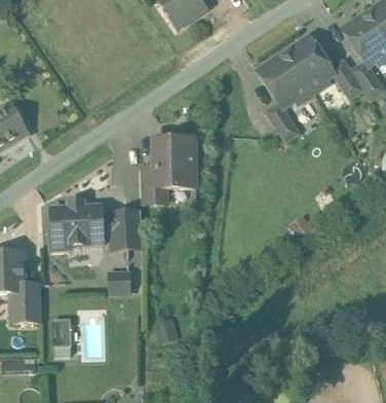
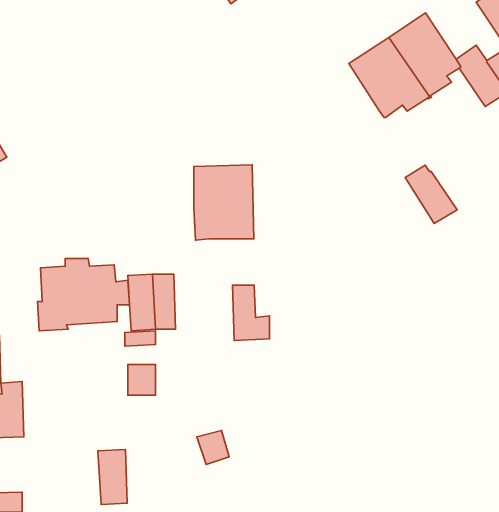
building: [265,103,300,142] -> [405,165,457,224]
building: [140,168,164,205] -> [233,285,269,340]
building: [50,317,70,354] -> [98,449,127,505]

